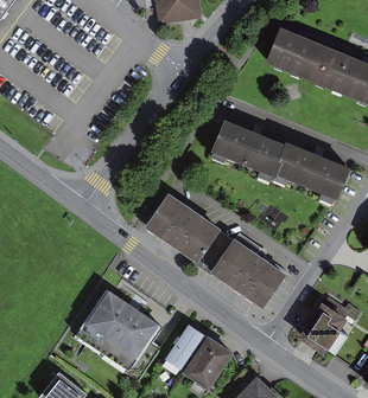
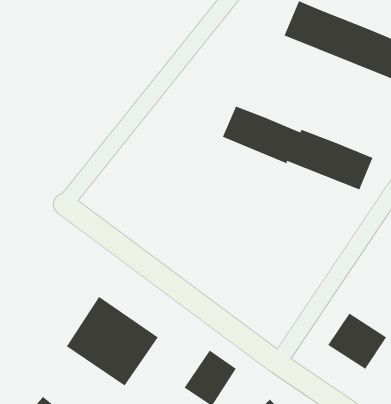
building: [145,195,280,306] -> none
building: [165,323,203,367] -> none

